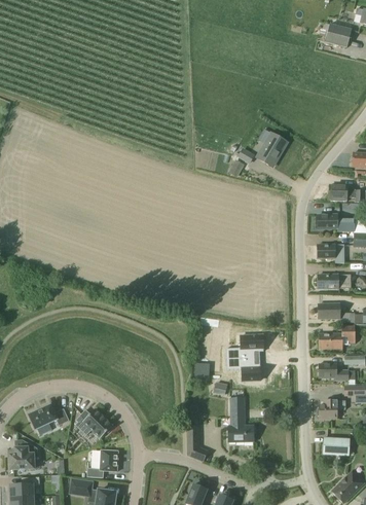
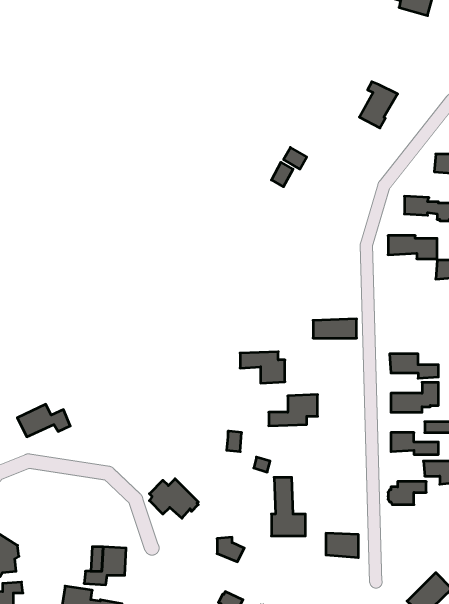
building: [257,131,286,166] -> [359,82,398,128]
building: [318,244,347,262] -> none
building: [318,274,351,288] -> [313,319,357,338]
building: [226,357,260,381] -> [240,352,285,383]
building: [29,404,69,429] -> [17,404,70,437]
building: [76,408,113,438] -> [149,479,198,518]
building: [324,437,349,456] -> [326,533,358,558]

